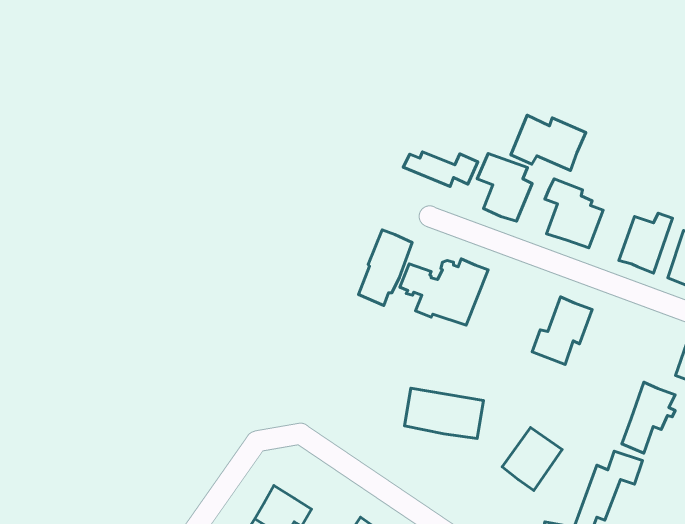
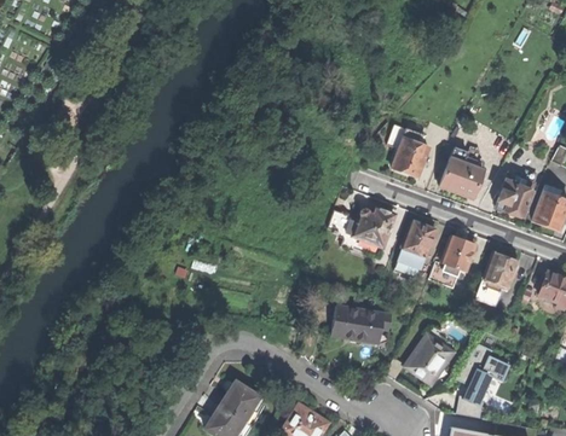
building: [511,115,586,171] -> none
building: [403,152,478,187] -> none
building: [359,230,412,305] -> [394,220,435,278]
building: [622,382,675,453] -> [477,250,518,304]

